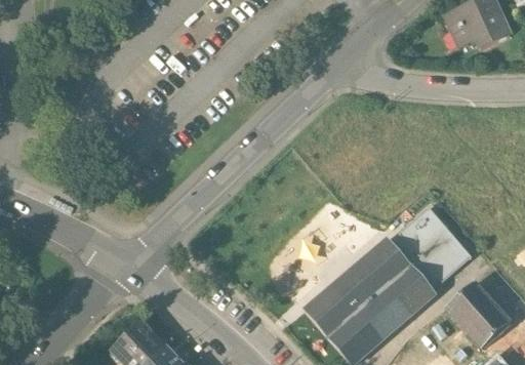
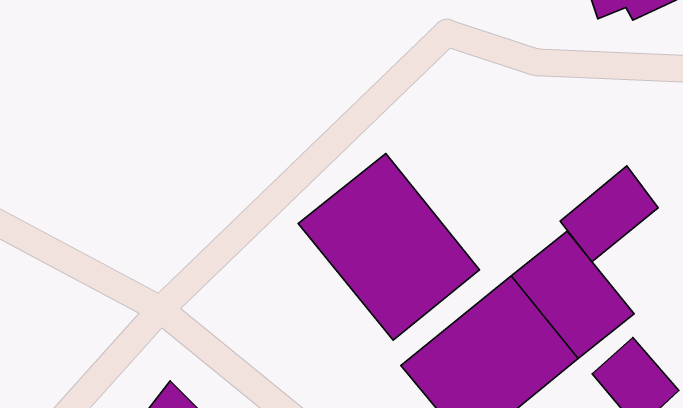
building: none -> [298,154,480,340]
building: none -> [560,166,658,262]

